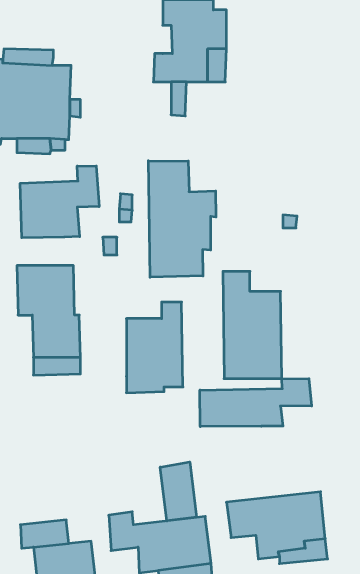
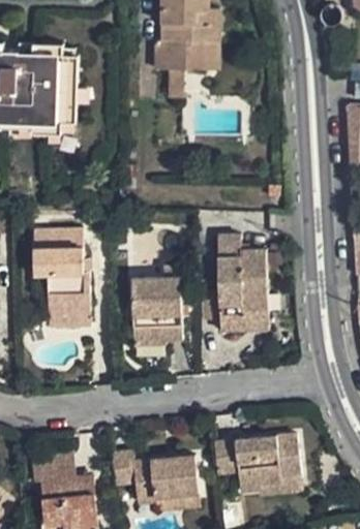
building: [148,161,216,277] -> none
building: [20,166,99,238] -> none
building: [200,379,312,427] -> none
building: [160,462,197,521] -> none

